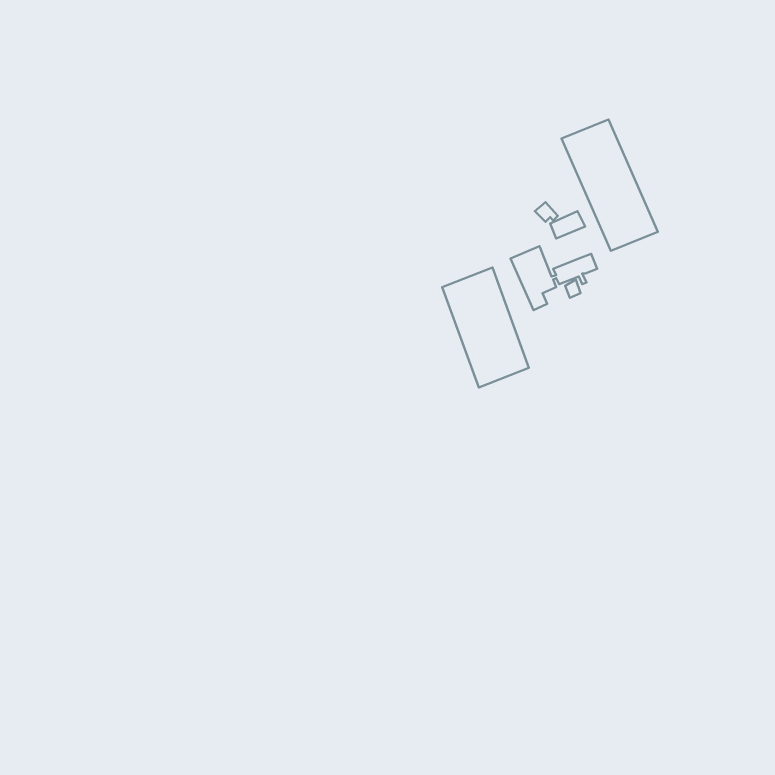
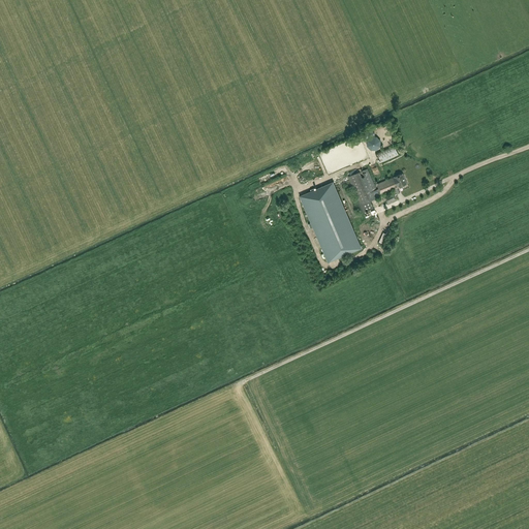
building: [561,120,658,251] -> none

